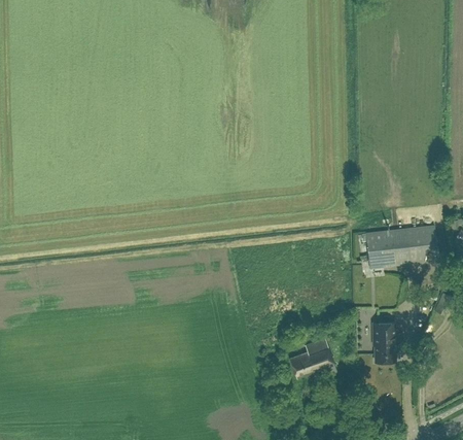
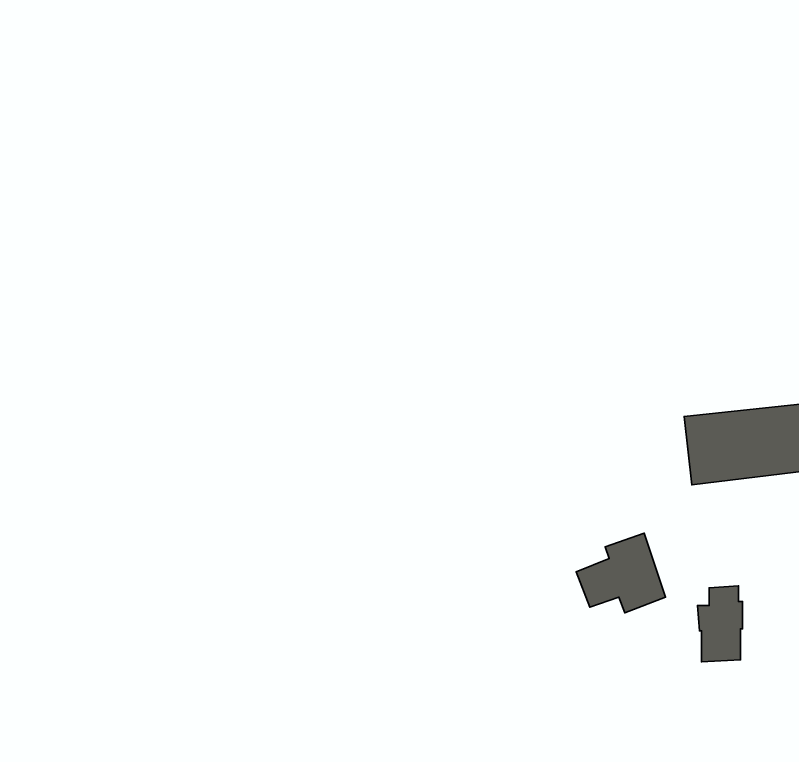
building: [289,338,336,380] -> [576,533,666,613]

